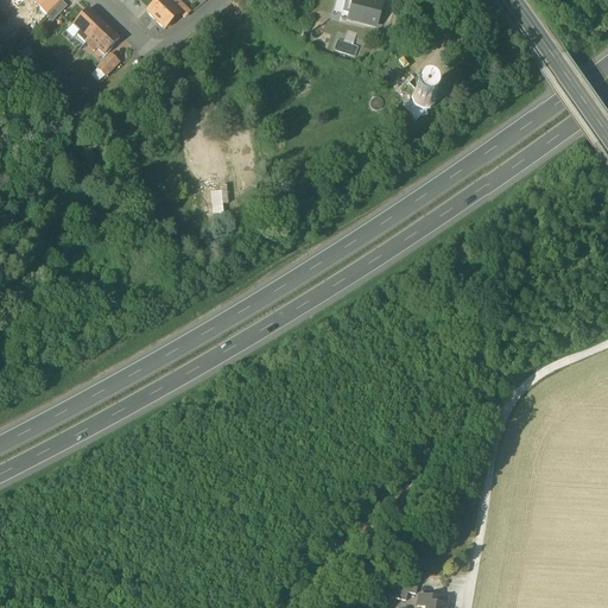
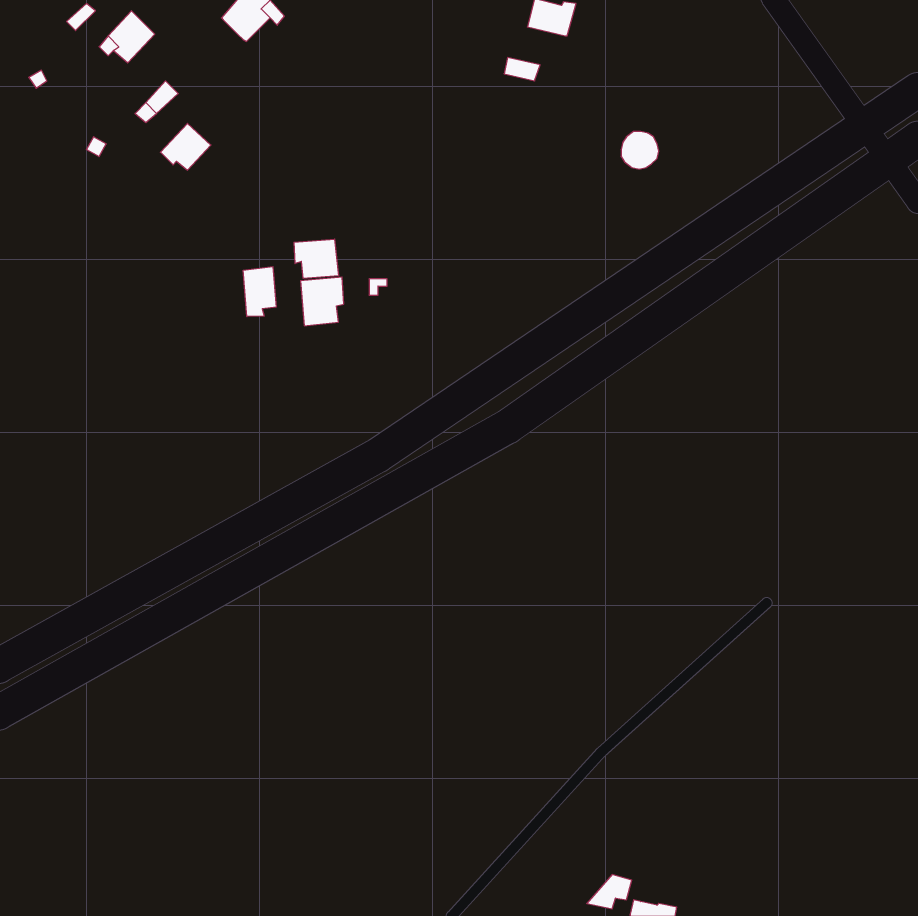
building: [84,23,118,53] -> [160,123,211,170]
building: none -> [294,239,339,278]
building: none -> [243,267,276,317]

